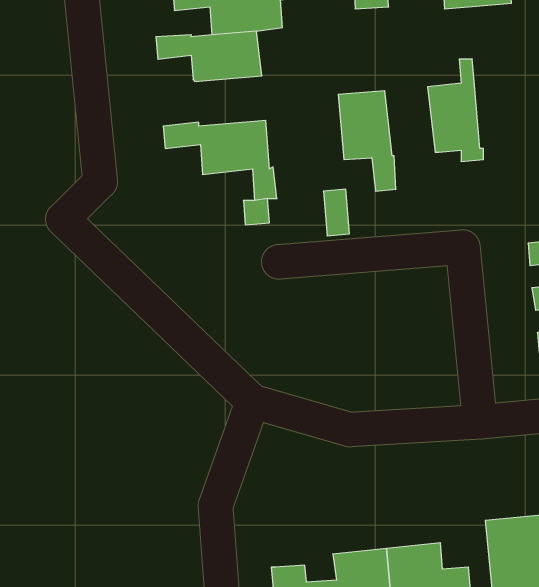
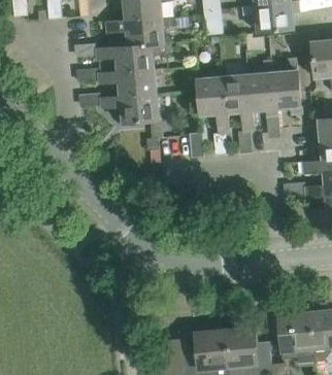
building: none -> [272,57,302,114]
building: none -> [98,69,157,97]
building: none -> [223,75,254,131]

